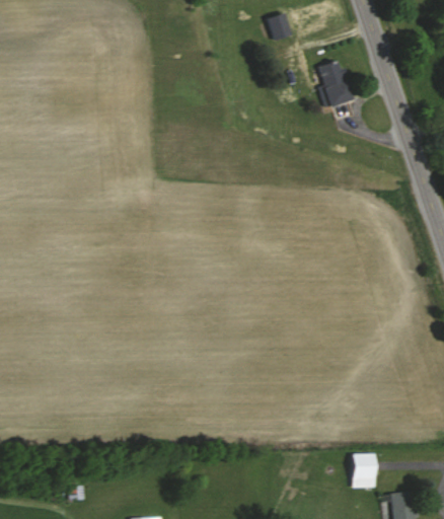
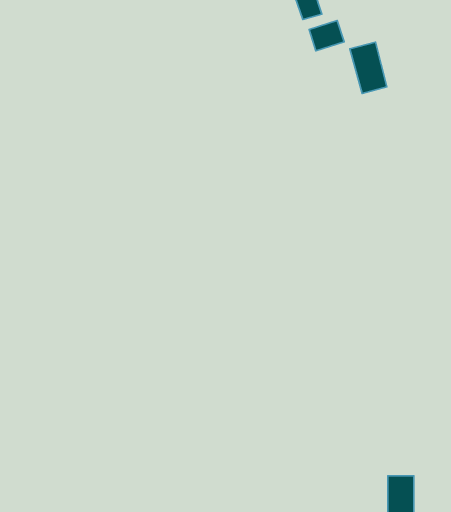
building: none -> [309,21,344,51]

